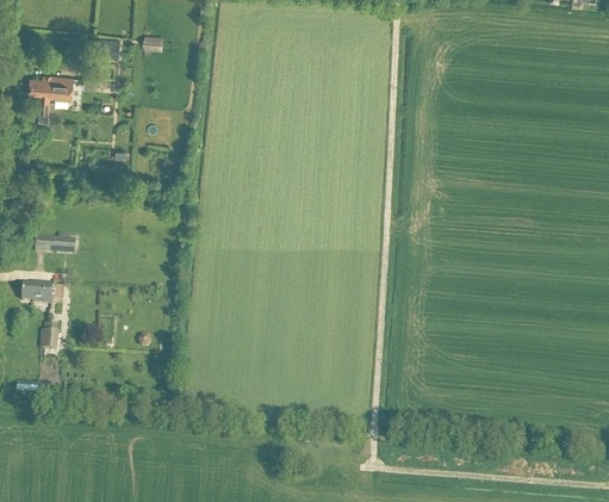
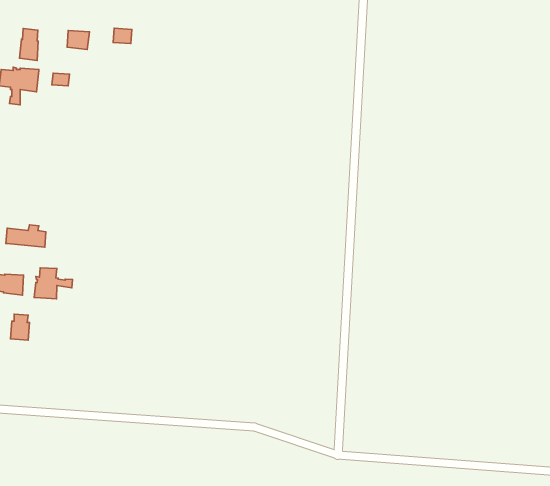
building: none -> [19,29,38,60]
building: none -> [34,268,72,299]

